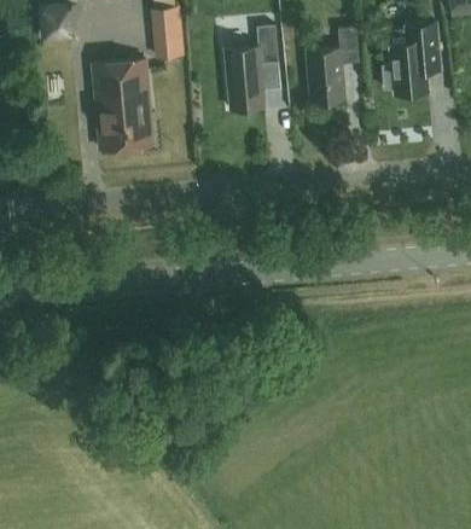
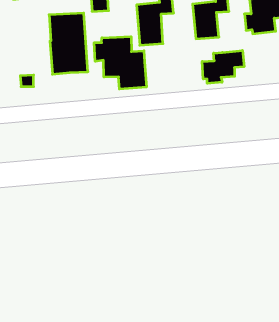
building: none -> [94,37,146,89]
building: none -> [202,50,244,83]

